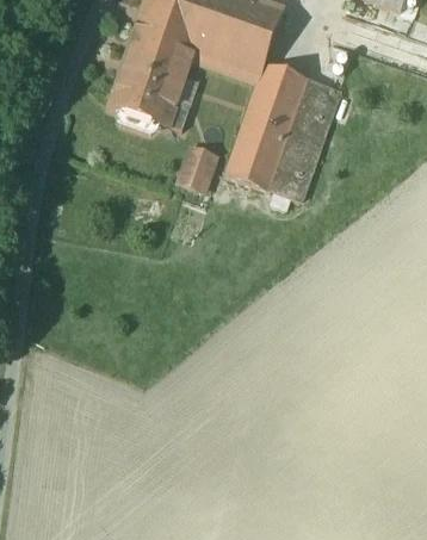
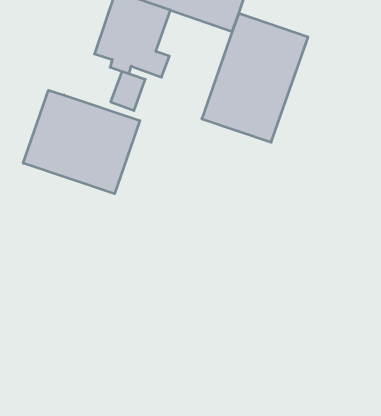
building: none -> [23,90,140,194]
building: [179,148,216,190] -> [111,72,145,111]

